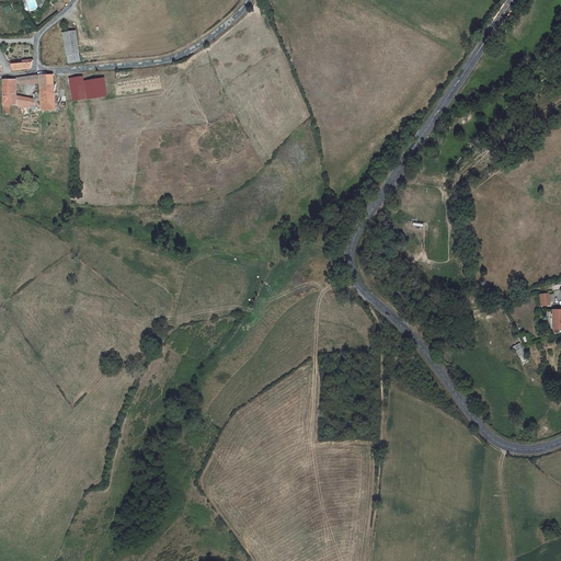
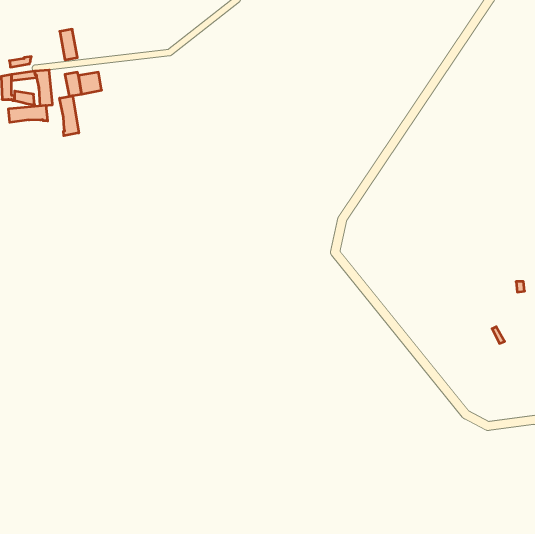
building: none -> [60,96,79,136]
building: none -> [8,105,48,122]

